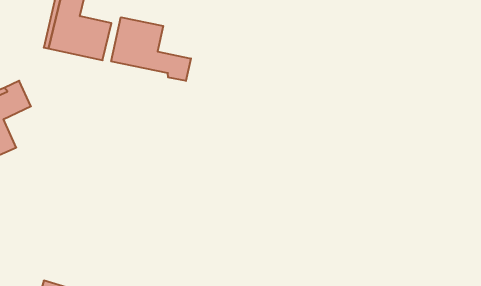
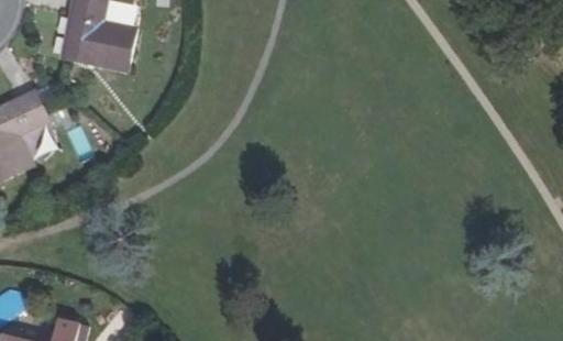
building: [111,17,191,81] -> none

